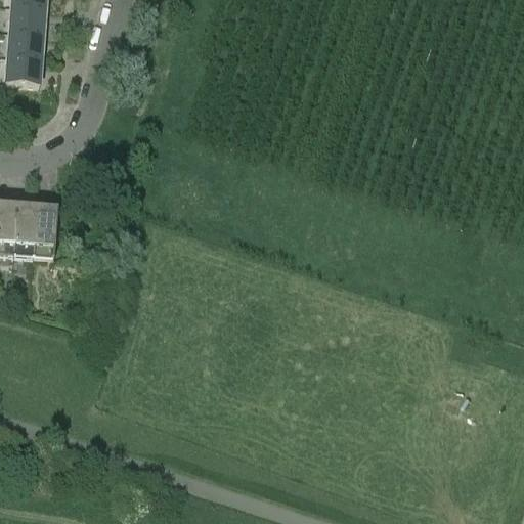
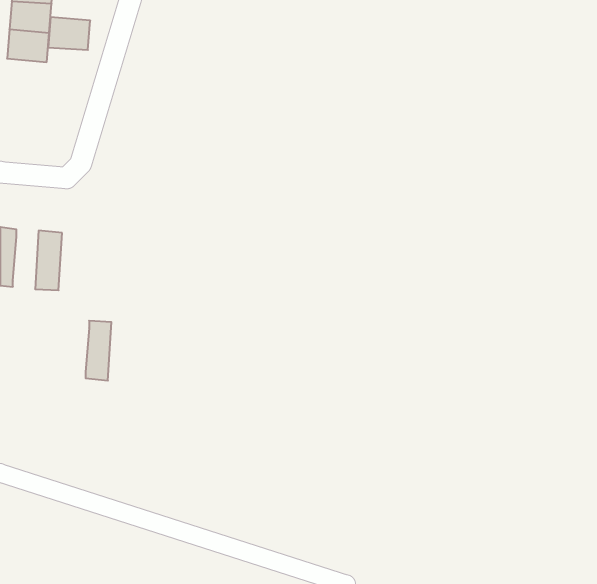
building: [5,51,42,80] -> [48,17,90,50]
building: [12,201,35,253] -> [86,321,111,381]

